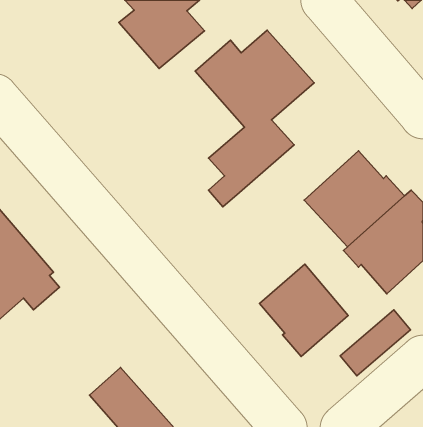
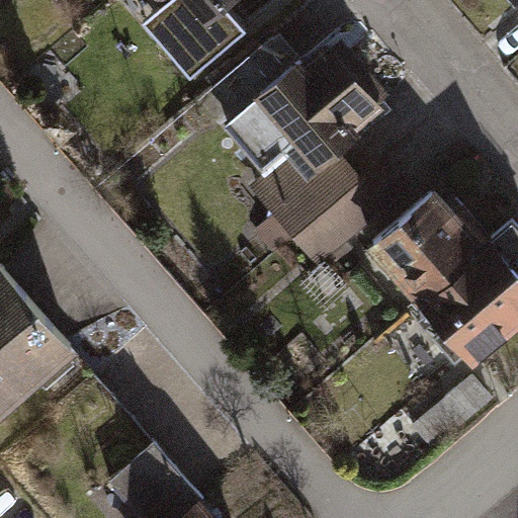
building: none -> [289,155,408,265]
building: [259,264,348,357] -> none

